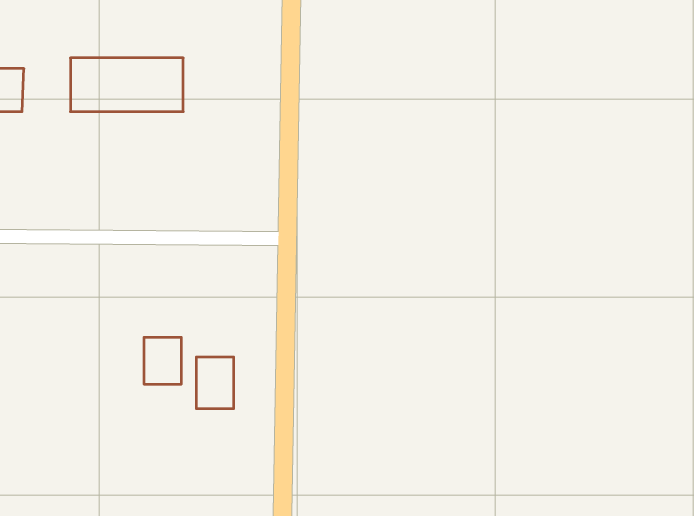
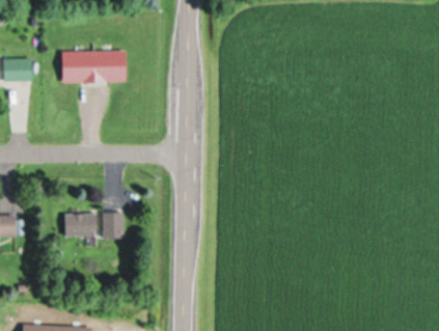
building: none -> [64,213,97,236]
building: [196,357,234,409] -> none

